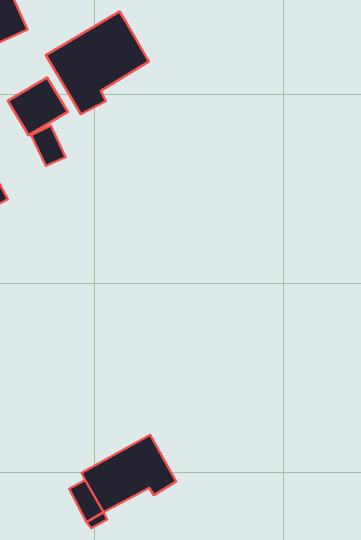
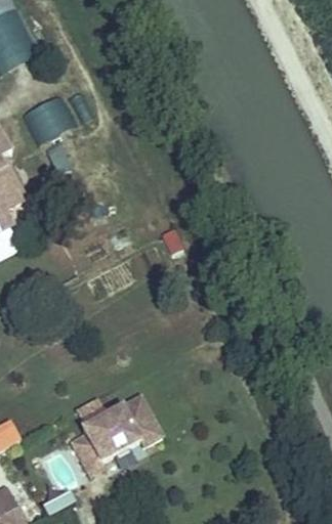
building: [46,11,149,114] -> none

